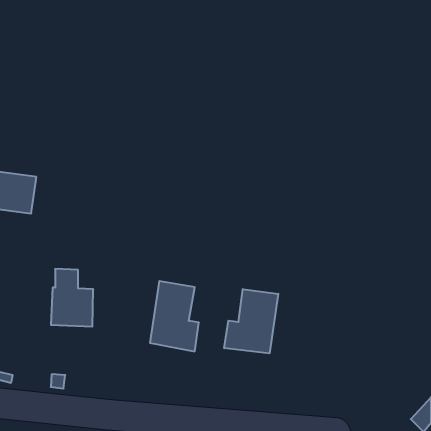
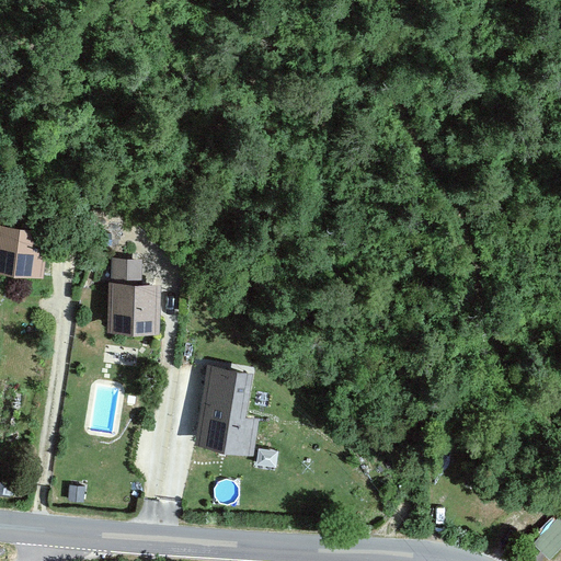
building: [51,269,93,327] -> [105,260,160,334]
building: [224,289,278,353] -> none

